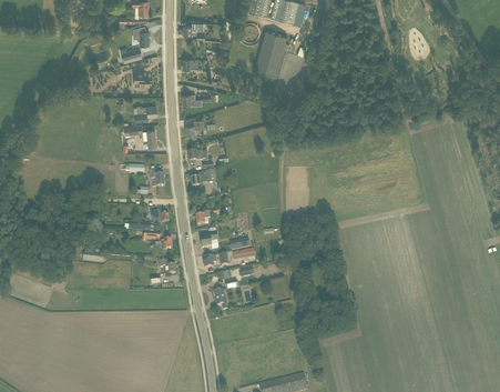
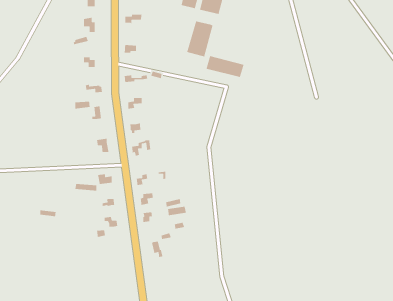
building: none -> [205,55,244,78]

